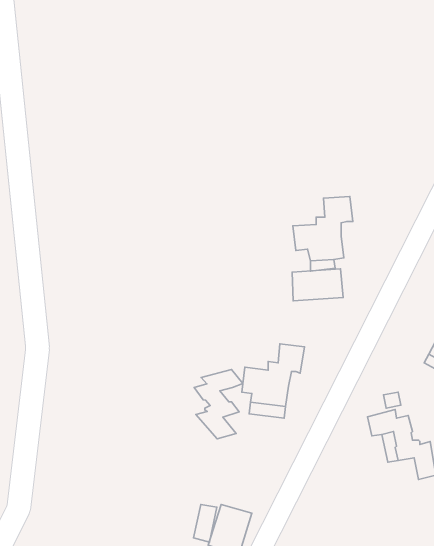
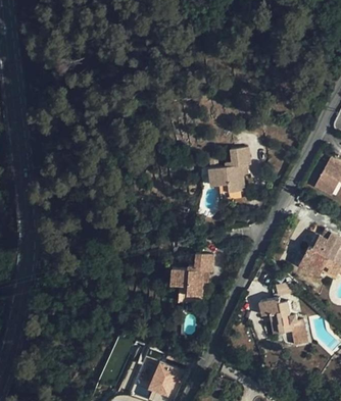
building: [292,269,343,301] -> none
building: [194,369,243,439] -> none

